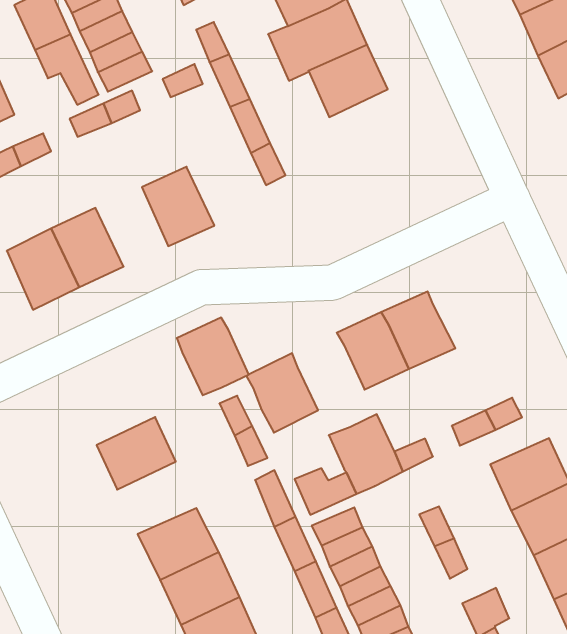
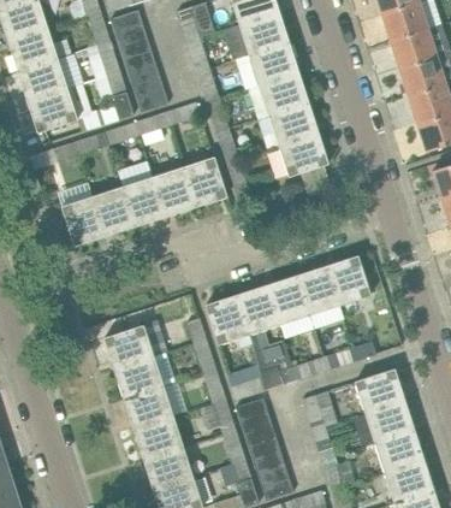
building: none -> [278,134,328,177]
building: none -> [183,158,226,207]
building: none -> [121,177,165,226]
building: none -> [327,255,372,305]
building: [177,318,249,395] -> [236,285,279,333]
building: none -> [113,355,162,398]

